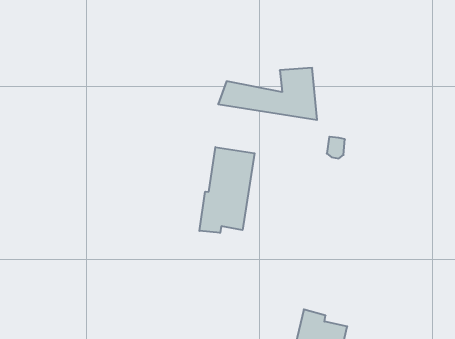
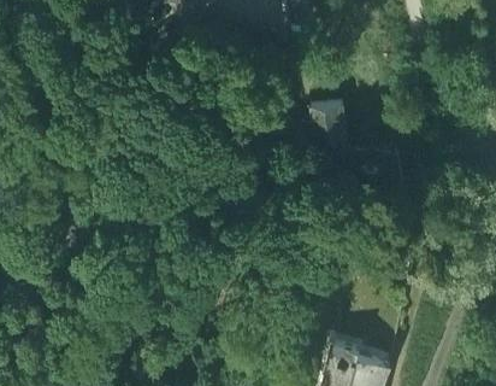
building: [199,147,255,233] -> none

